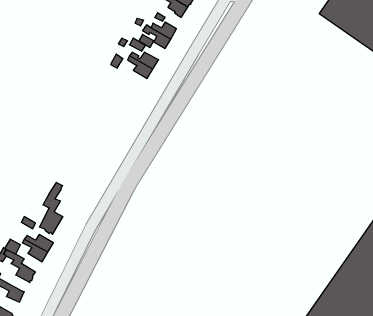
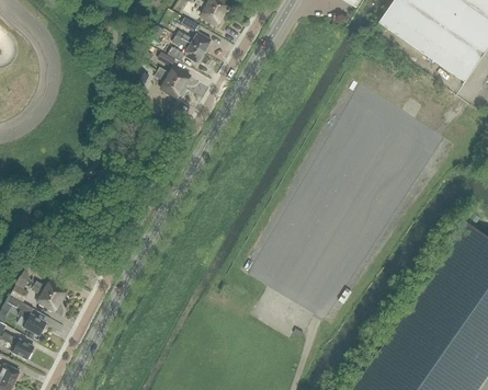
building: [39,182,63,234] -> none

